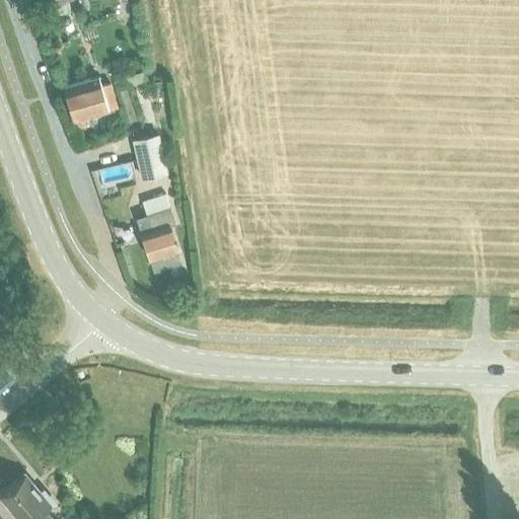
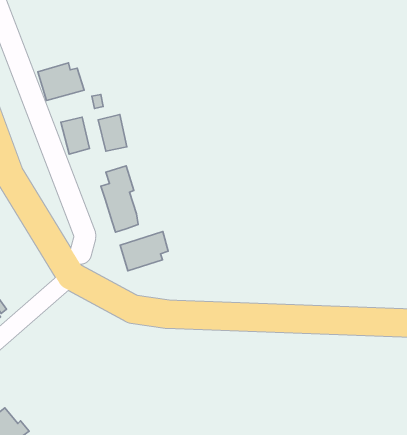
building: none -> [61,117,90,154]
building: none -> [120,231,168,271]

